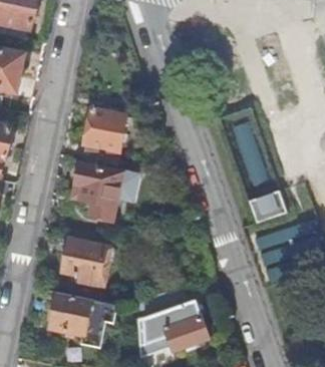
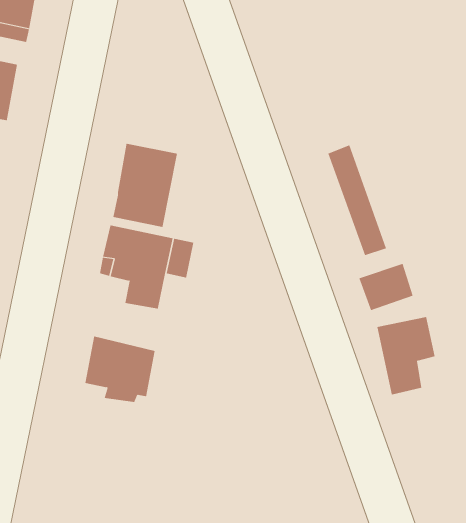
building: [140,287,210,358] -> none
building: [44,290,118,348] -> none

